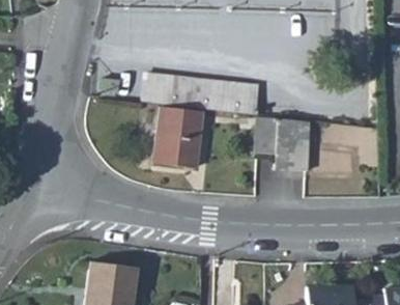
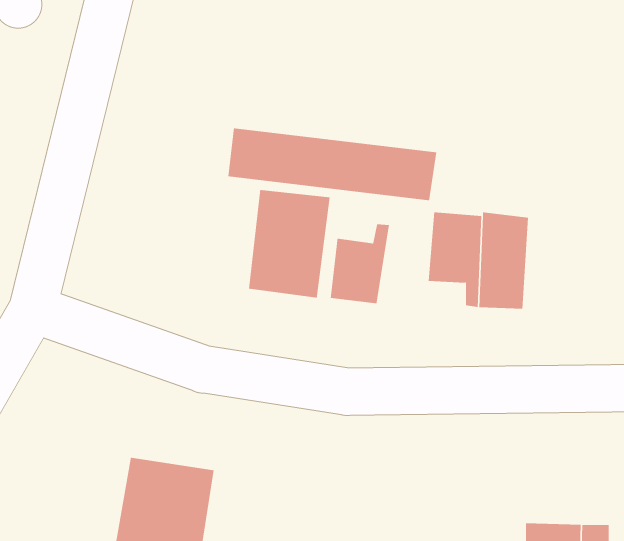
building: none -> [330,224,389,304]

